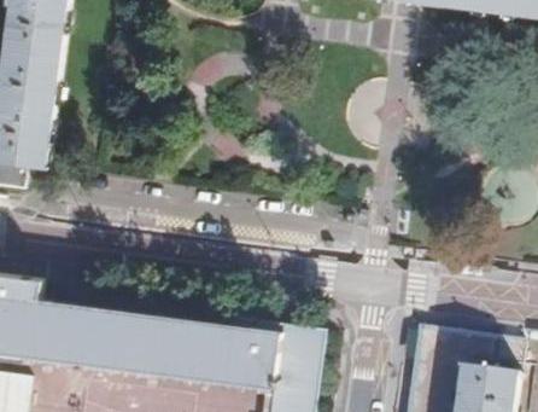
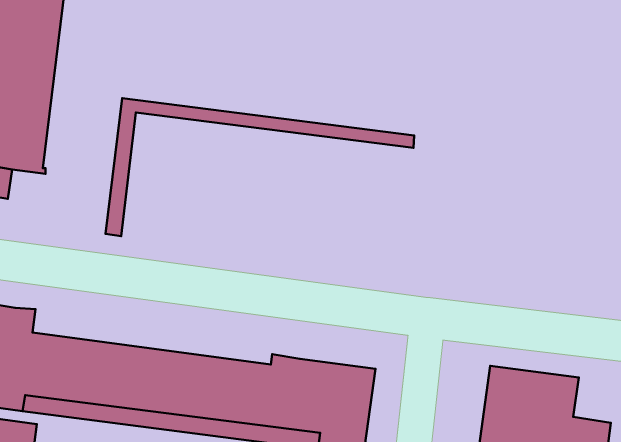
building: none -> [105,98,414,236]

